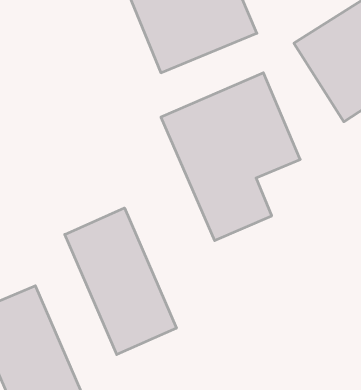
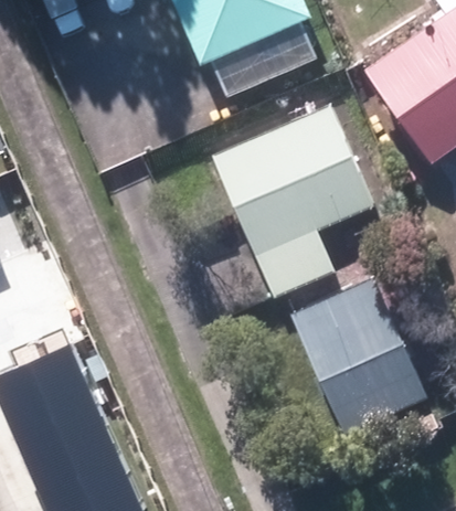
building: [65,208,176,355] -> none
building: none -> [295,280,426,433]

